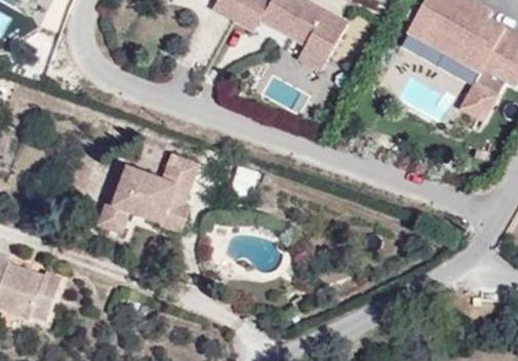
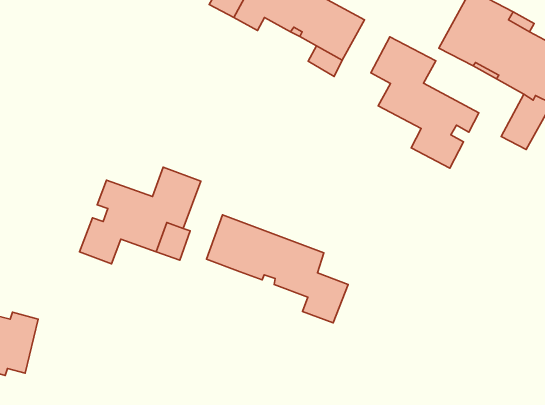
building: none -> [371,37,479,168]
building: none -> [207,215,348,323]

